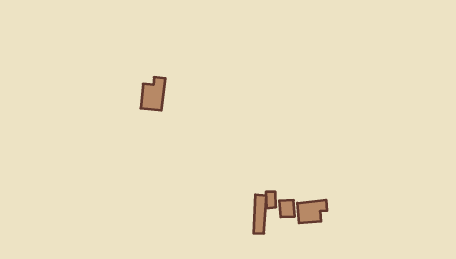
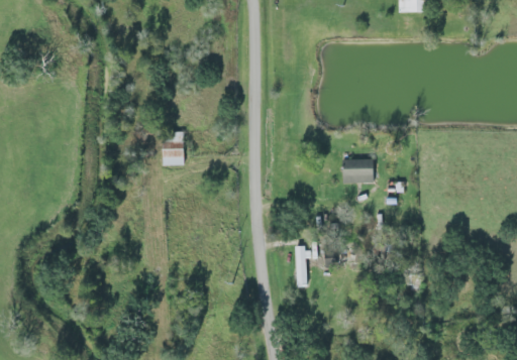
building: none -> [342,159,374,184]
building: [297,200,327,223] -> none

